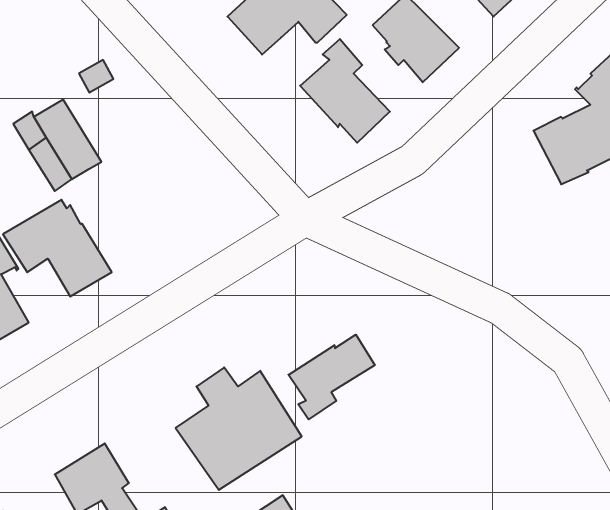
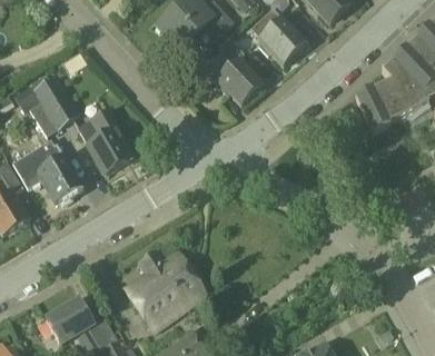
building: none -> [78,109,131,174]
building: [288,335,375,419] -> none

